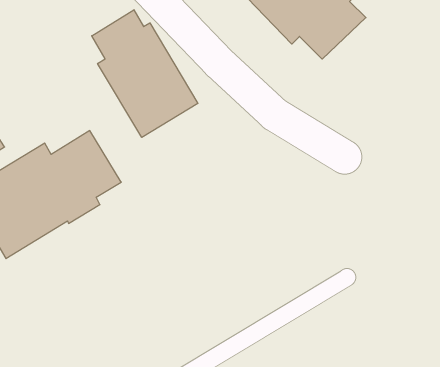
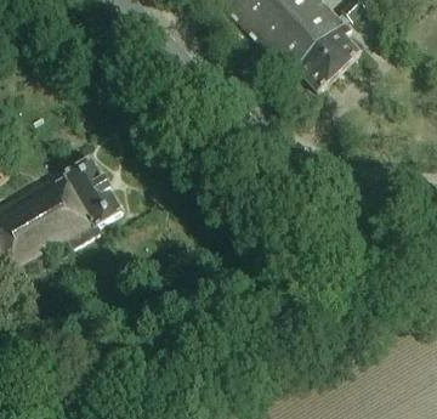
building: [92,10,198,137] -> none

